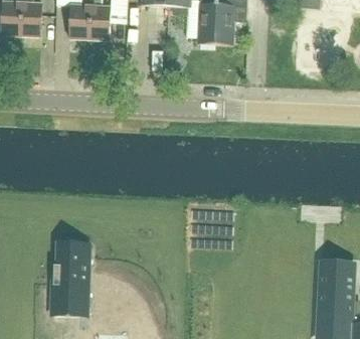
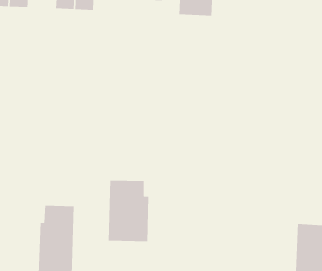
building: none -> [108,180,149,242]

